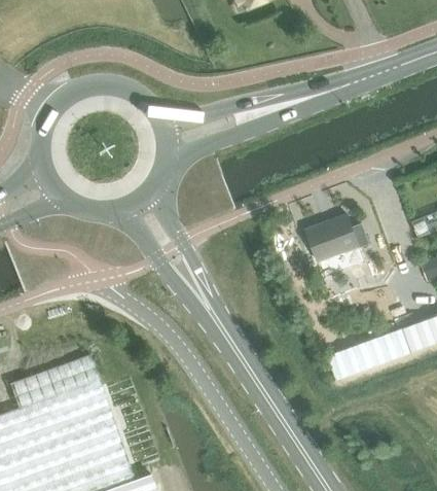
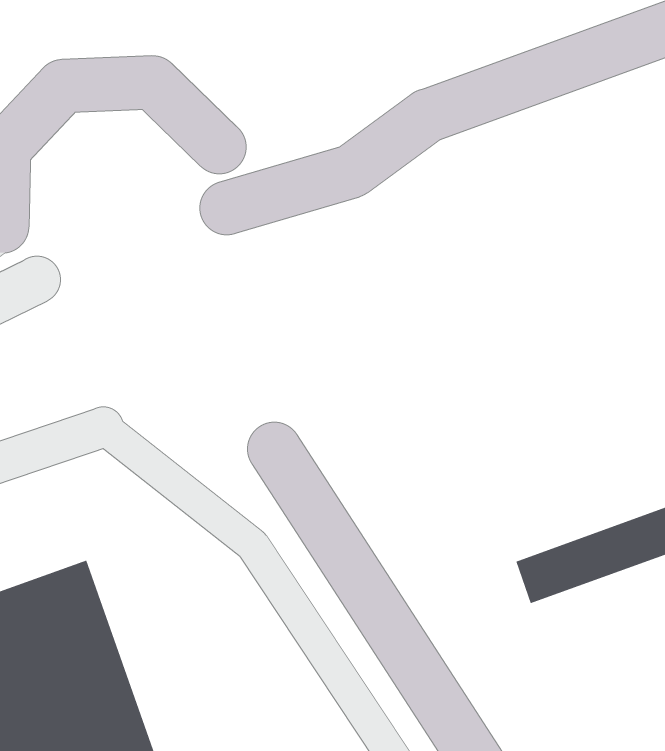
building: [308,214,372,262] -> none

